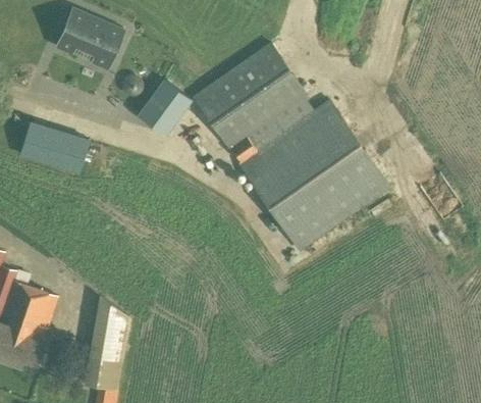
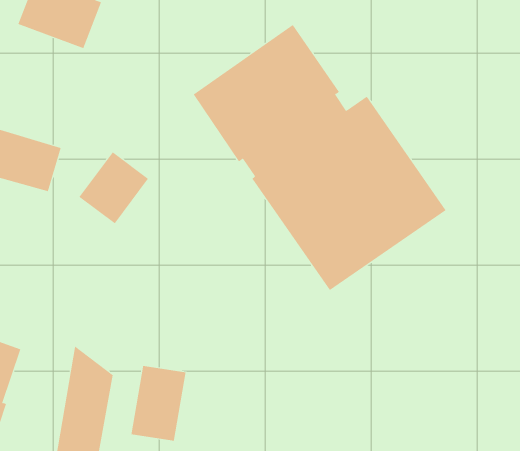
building: [137,80,192,137] -> [79,151,149,224]
building: none -> [131,365,186,442]

